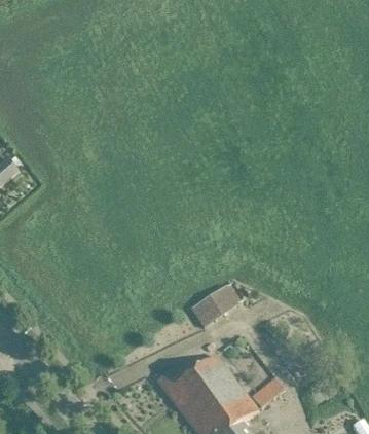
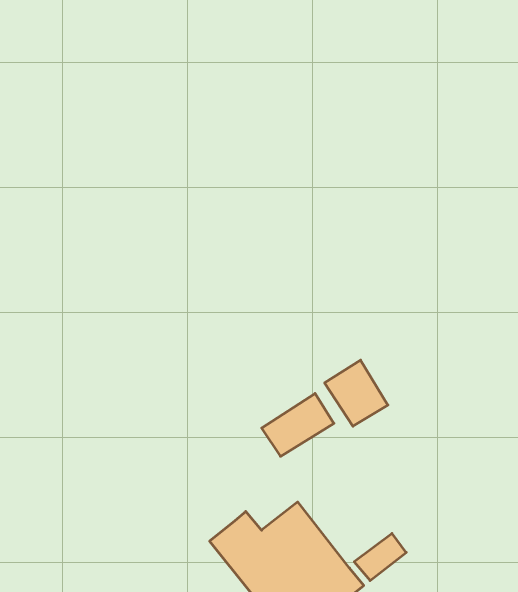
building: none -> [325,360,388,426]

